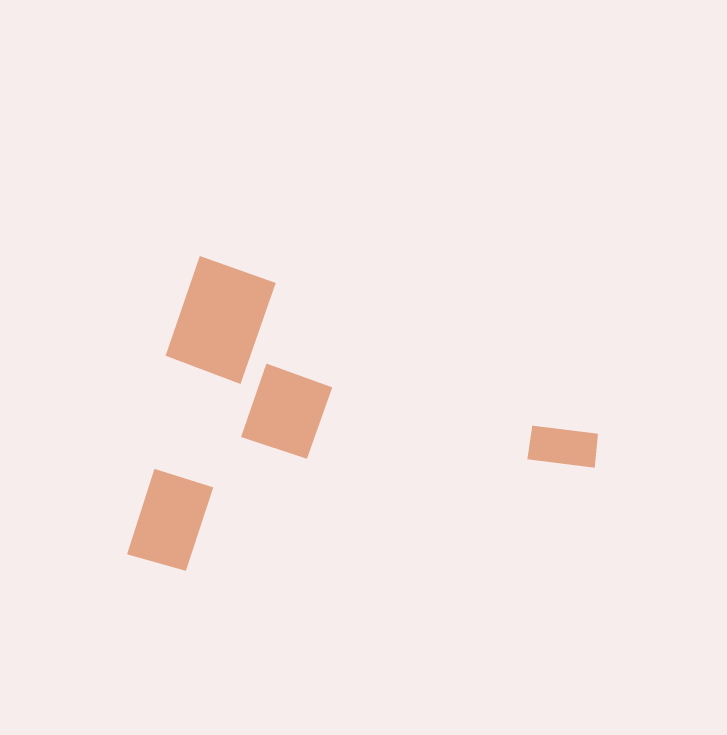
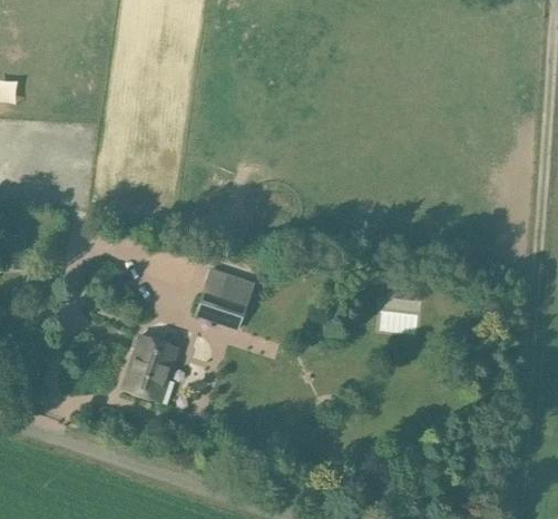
building: [165,255,277,385] -> none

